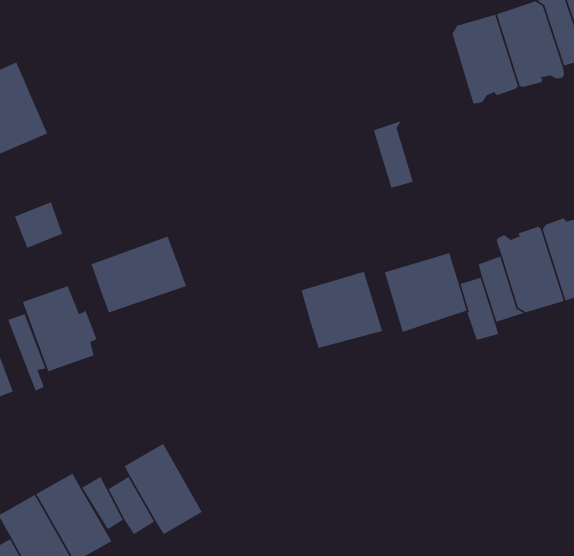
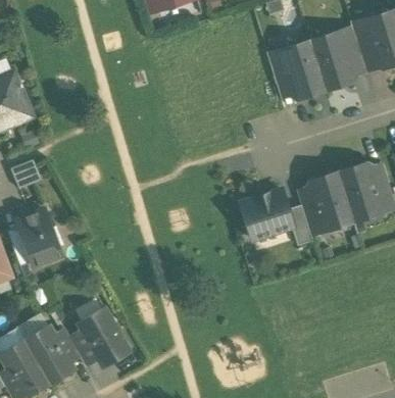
building: [373,120,414,189] -> [267,48,293,91]
building: [91,235,187,314] -> none
building: [301,271,383,349] -> none

